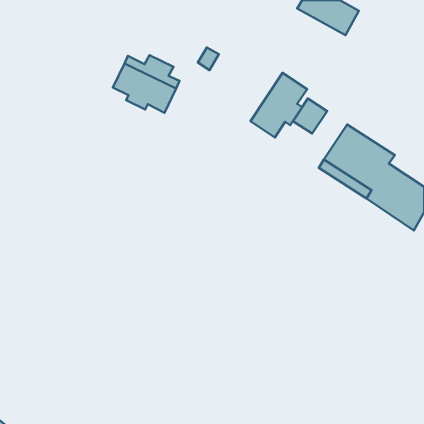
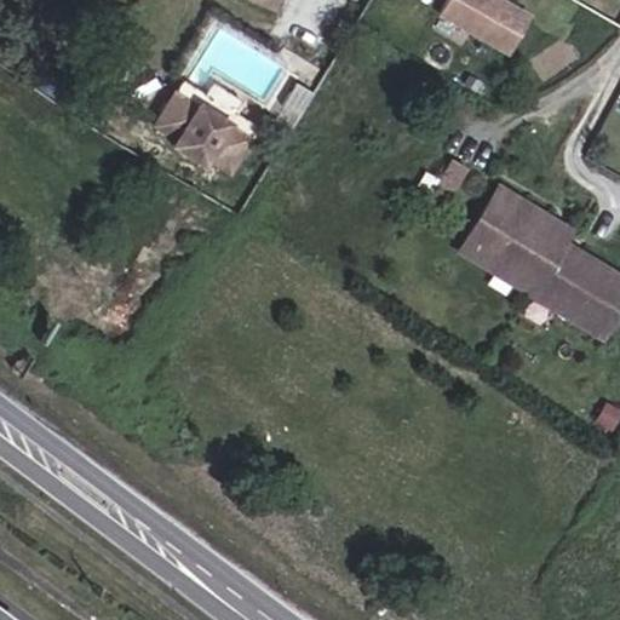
building: [250,73,307,138] -> none

